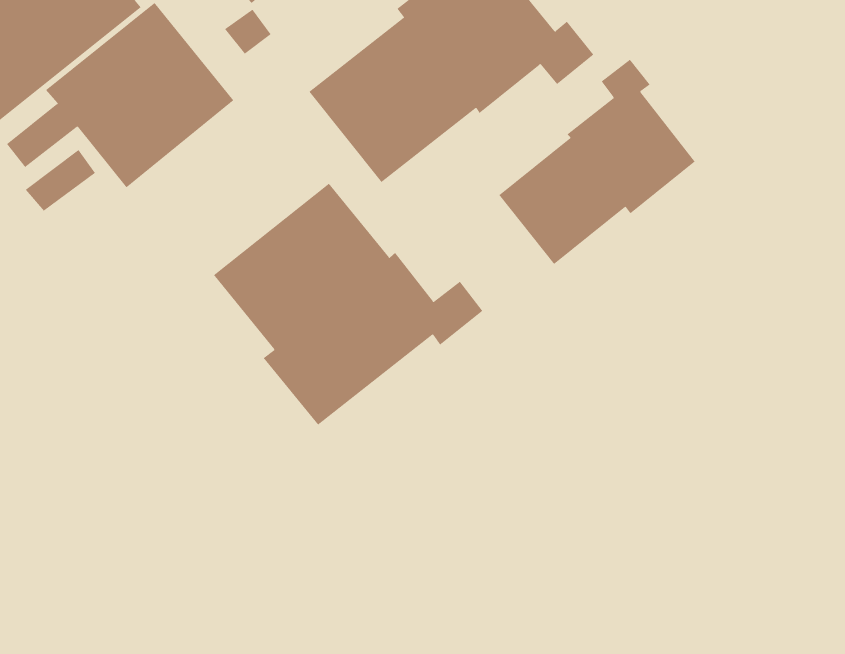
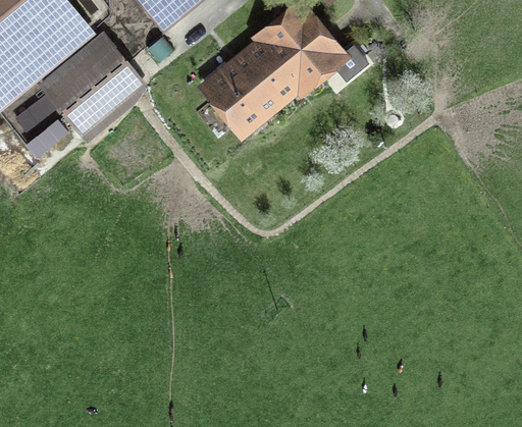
building: [499,59,695,265] -> none
building: [213,183,483,426] -> none

